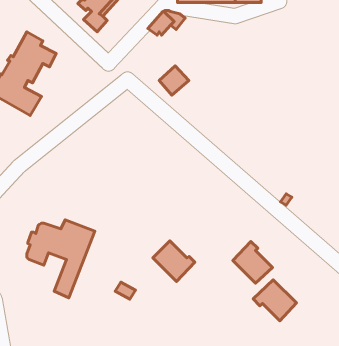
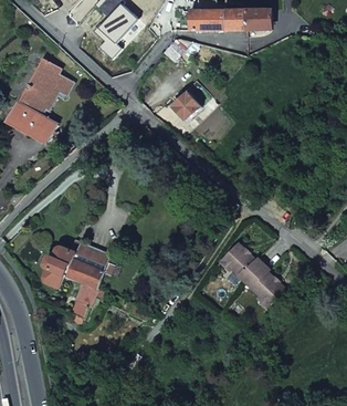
building: [153,241,195,281] -> [220,242,261,282]
building: [253,280,297,321] -> none

